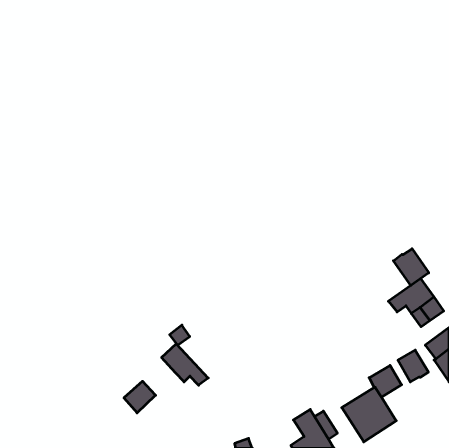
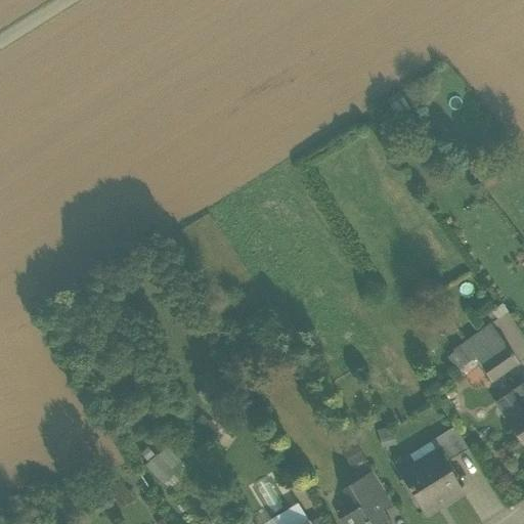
building: [393,249,429,285] -> none
building: [162,344,208,385] -> none
building: [398,350,428,382] -> none

